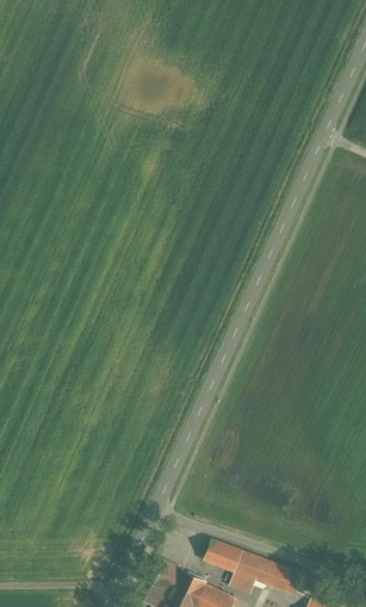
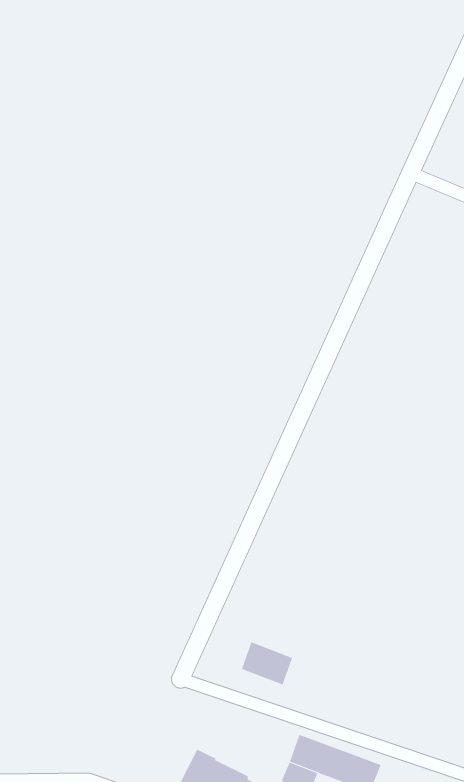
building: [204,541,242,574] -> [241,642,293,685]

